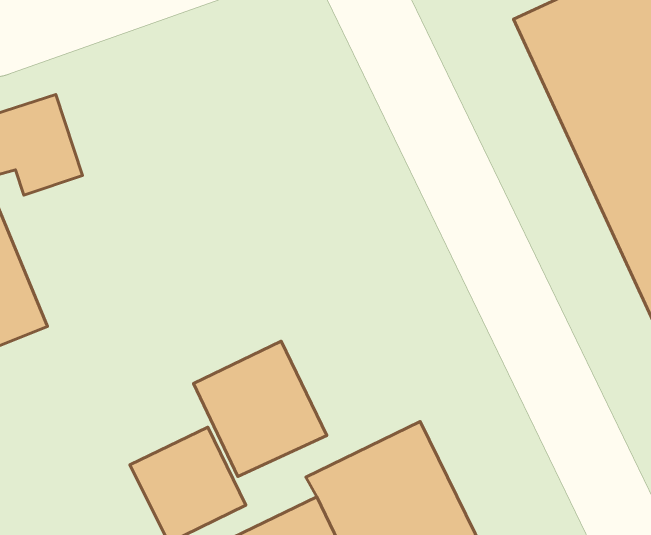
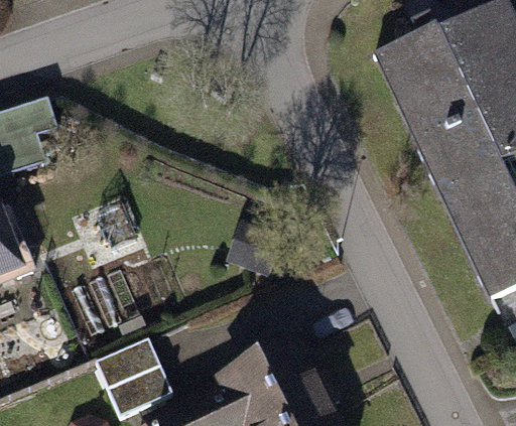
building: [194,341,327,477] -> none

